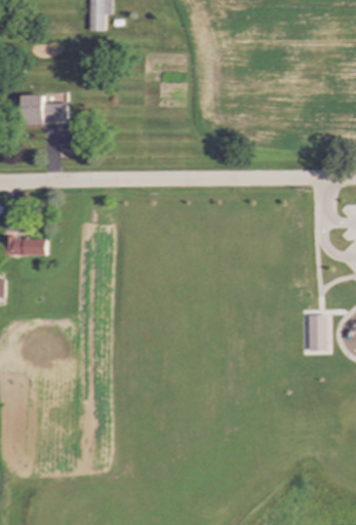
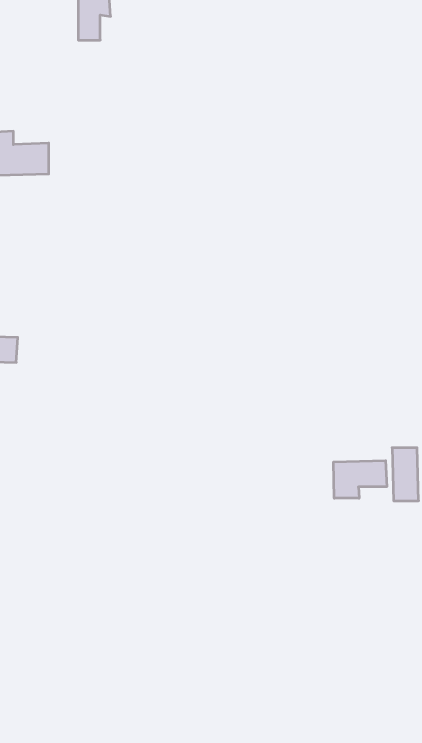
building: none -> [334,461,387,498]

